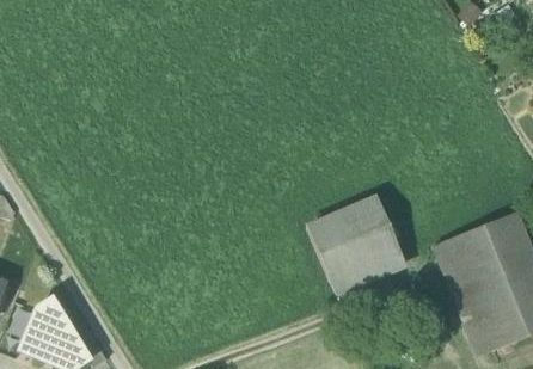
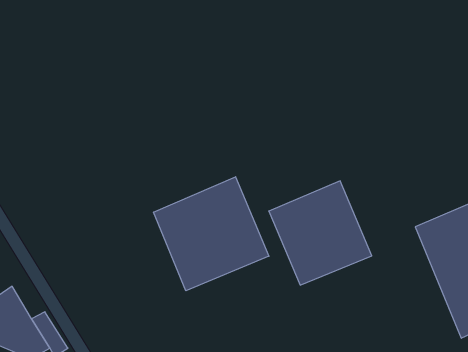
building: none -> [154,177,269,291]
building: [433,239,495,356] -> none

